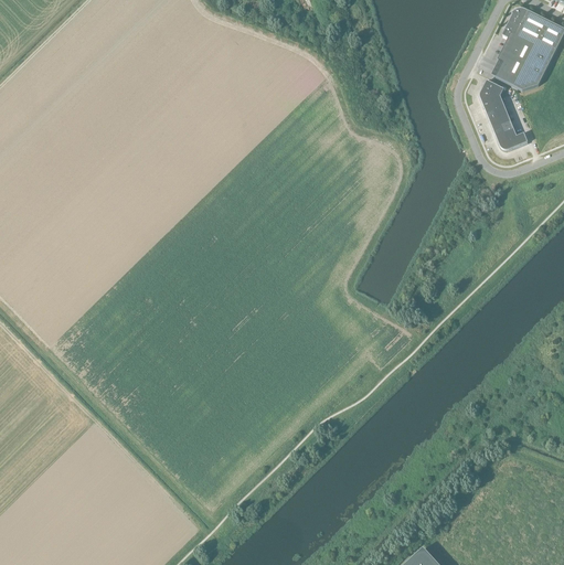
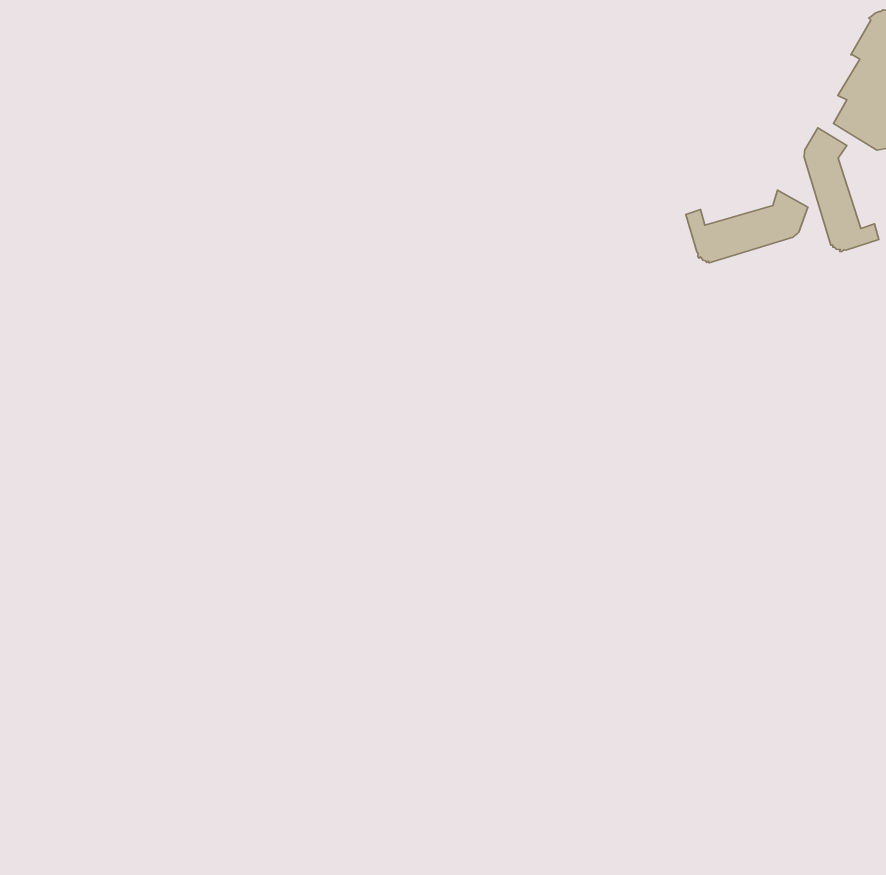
building: none -> [686,190,808,263]

